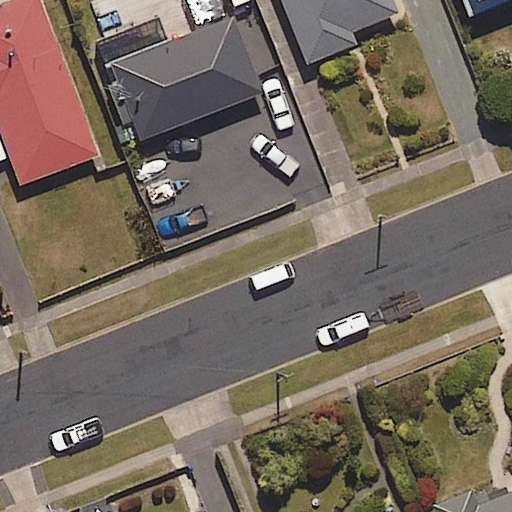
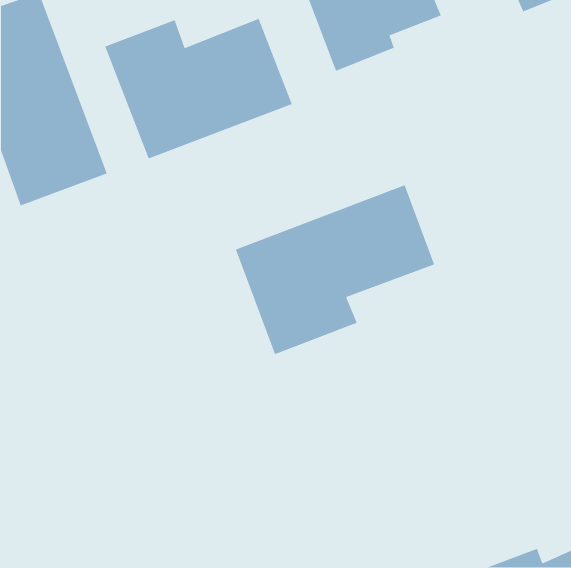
building: none -> [235,184,435,355]

